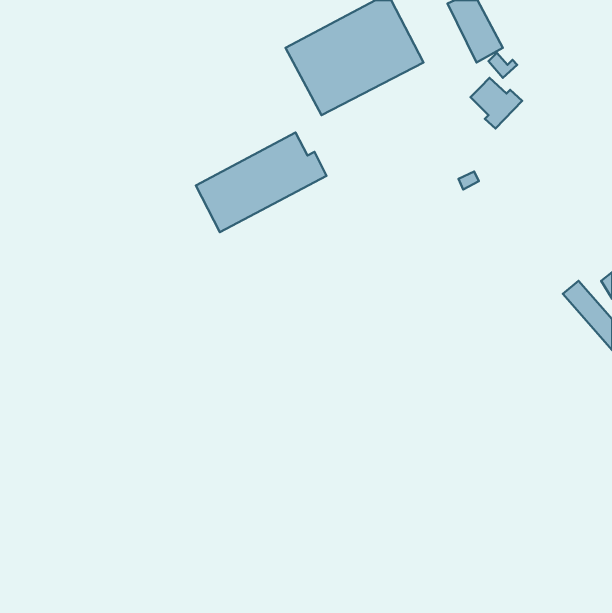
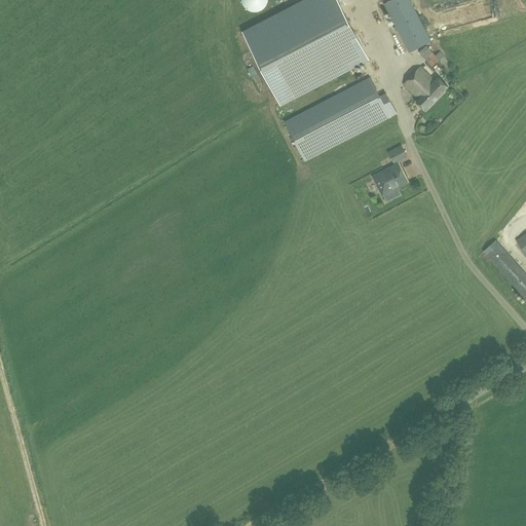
building: [196,133,327,232] -> [284,76,396,161]
building: none -> [373,164,407,194]

